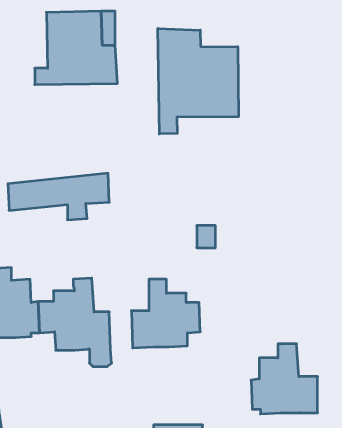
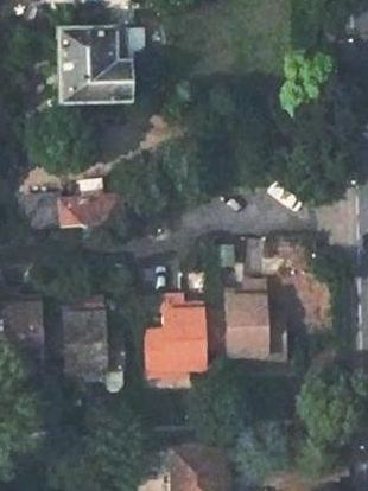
building: [158,28,238,134] -> none
building: [251,344,318,414] -> [216,287,284,358]

